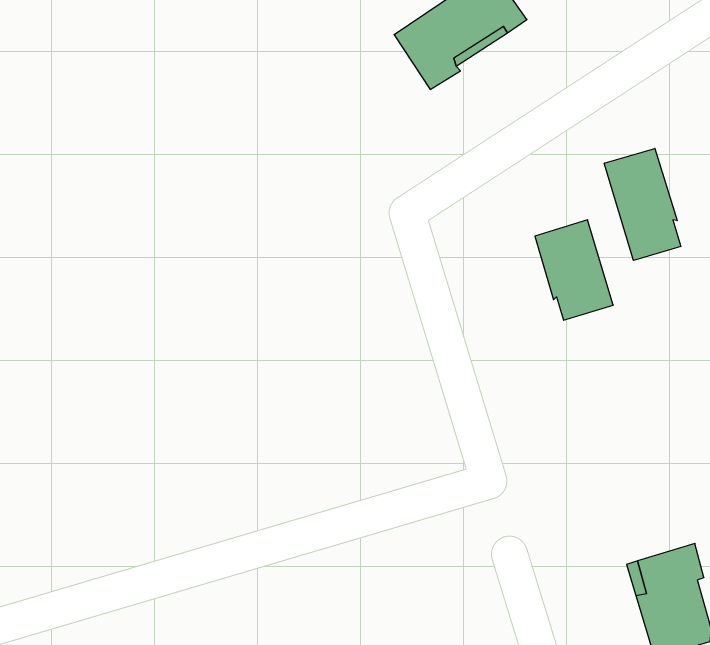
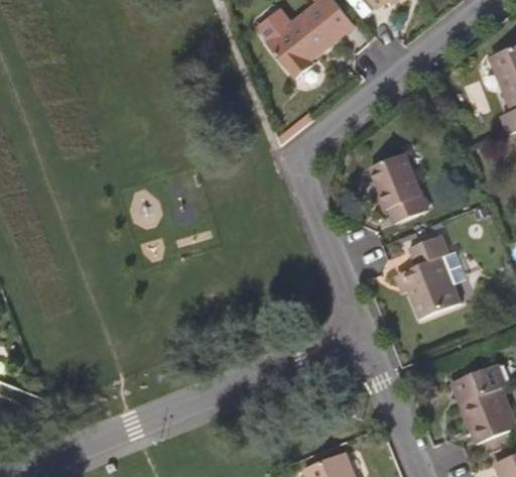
building: [604,148,681,260] -> none
building: none -> [400,235,458,317]

